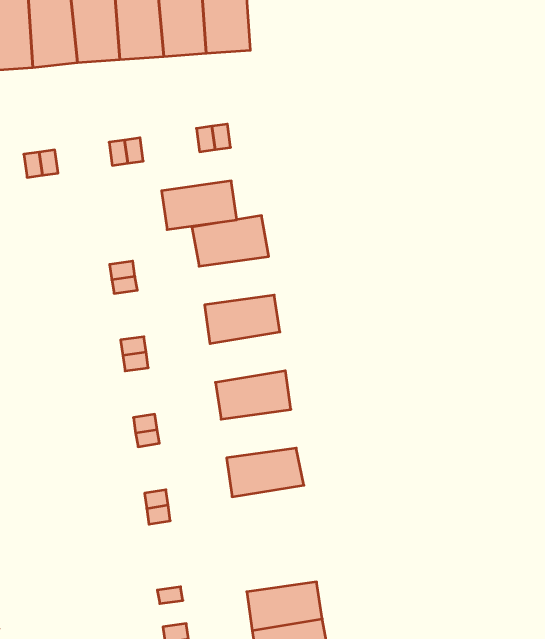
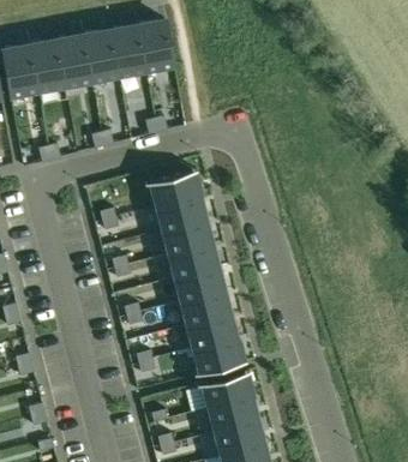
building: [162,181,237,230] -> [156,196,205,230]
building: none -> [168,242,217,278]
building: none -> [180,290,229,325]
building: none -> [192,337,242,373]
building: none -> [202,372,251,408]

